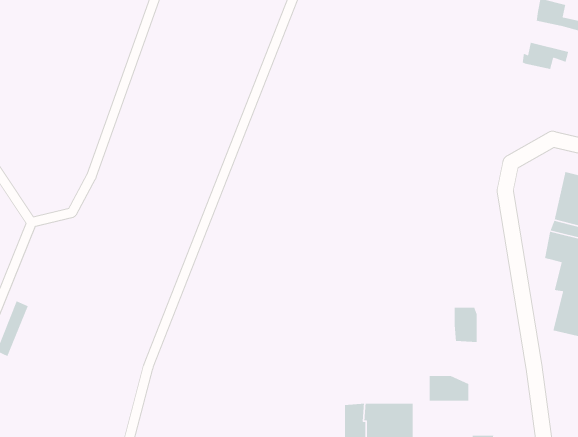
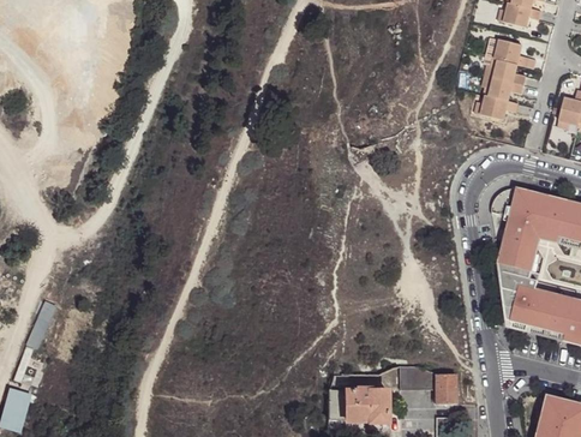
building: none -> [489,58,525,85]
building: none -> [478,96,516,121]
building: [454,307,477,343] -> [436,372,456,403]

